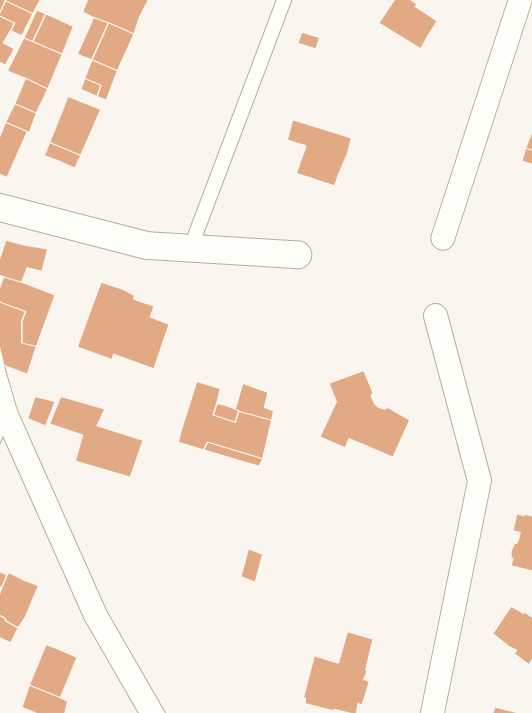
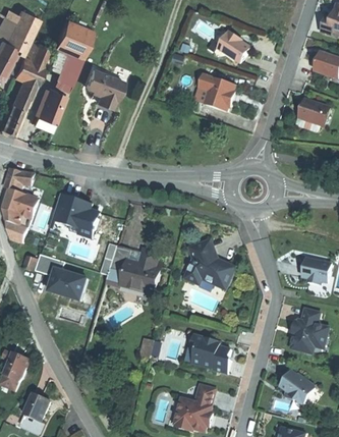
building: none -> [86,68,123,107]
building: [287,120,351,186] -> [202,74,237,111]
building: none -> [192,334,232,373]

